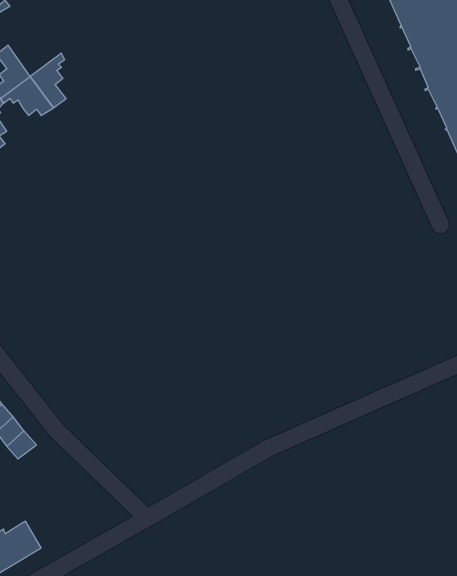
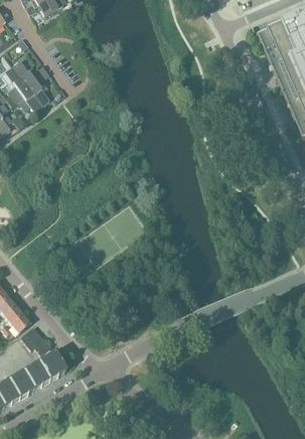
building: none -> [12,58,46,85]
building: none -> [20,326,64,389]

